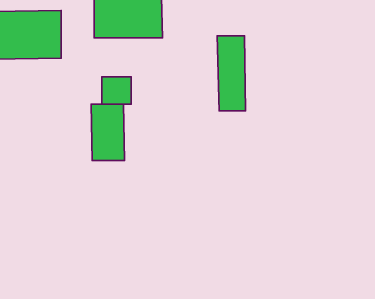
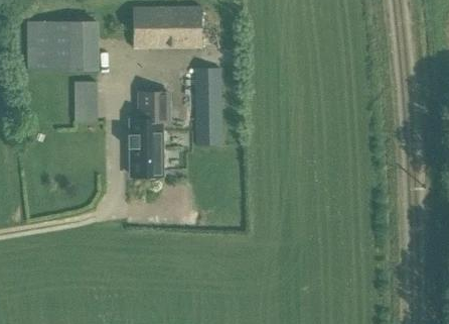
building: [217,36,246,111] -> [194,68,223,145]
building: none -> [74,82,97,123]

